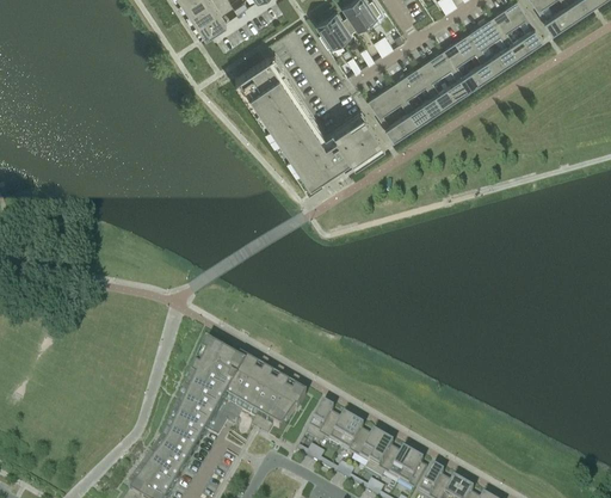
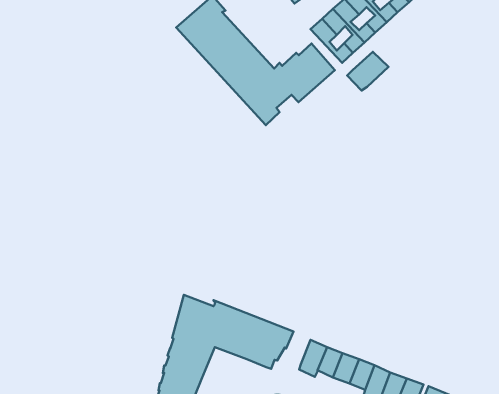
building: none -> [347,52,389,91]

